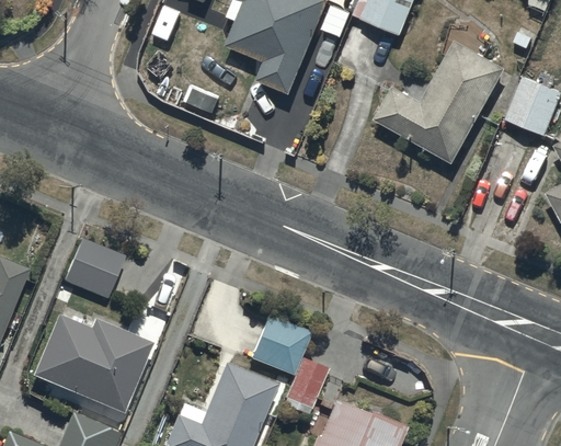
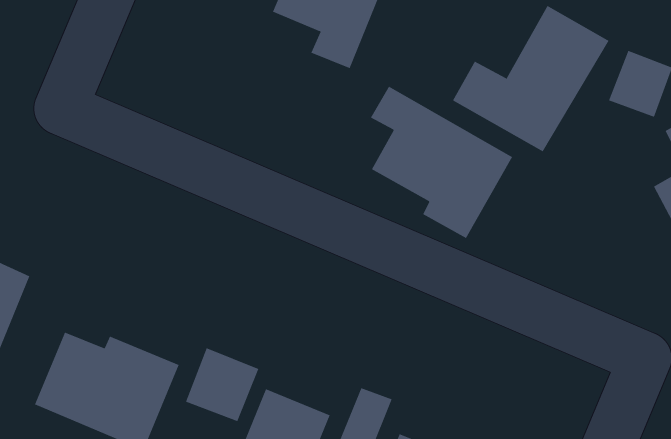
building: none -> [370,86,513,239]
building: [64,238,124,298] -> none
building: [249,313,310,375] -> [185,348,259,422]

